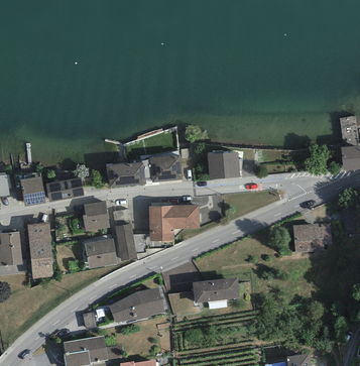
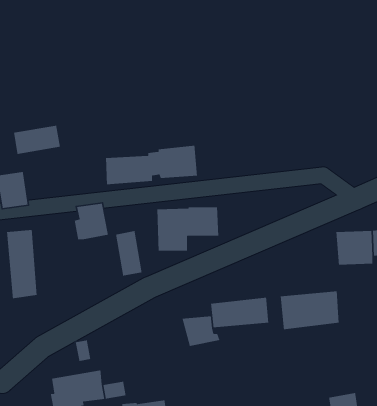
building: [207,150,240,178] -> none
building: [45,177,84,202] -> [13,125,61,155]
building: [84,238,117,268] -> none
building: none -> [280,290,340,330]
building: [109,287,164,322] -> none

